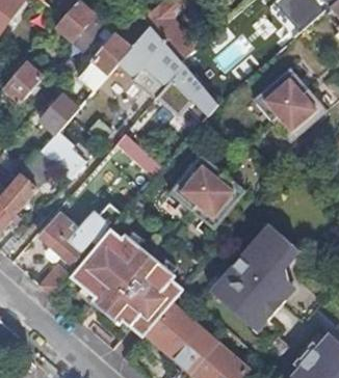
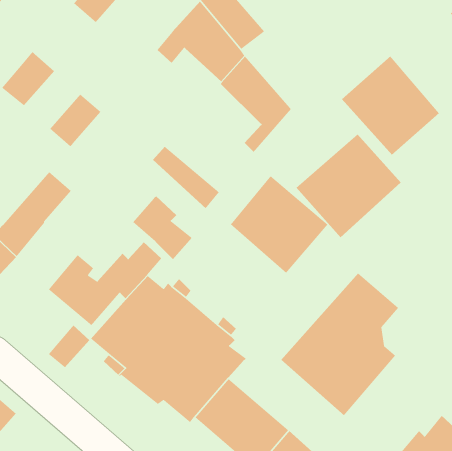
building: [76,34,129,90] -> none
building: none -> [296,133,401,238]
building: [38,131,83,179] -> [132,195,193,260]

